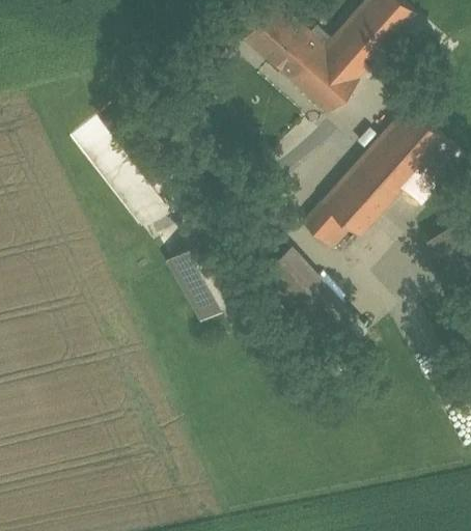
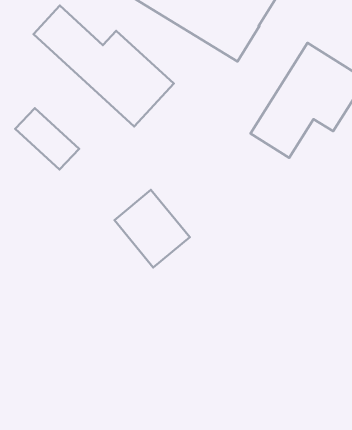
building: none -> [34,6,174,126]
building: [302,202,351,250] -> none

